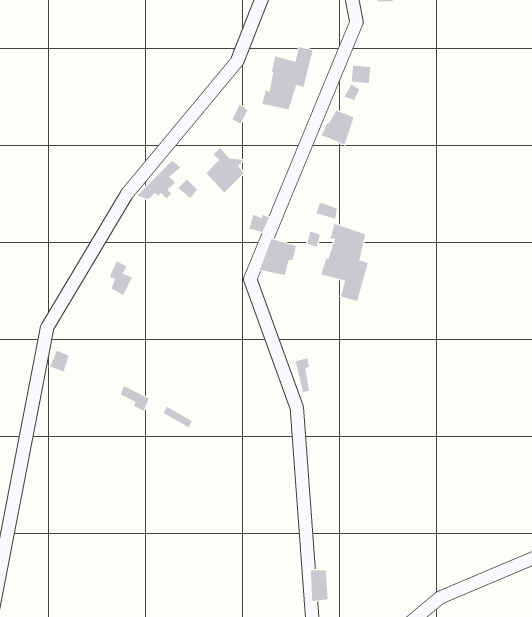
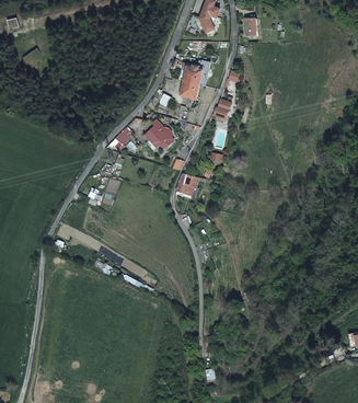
building: [321,223,369,302] -> none

